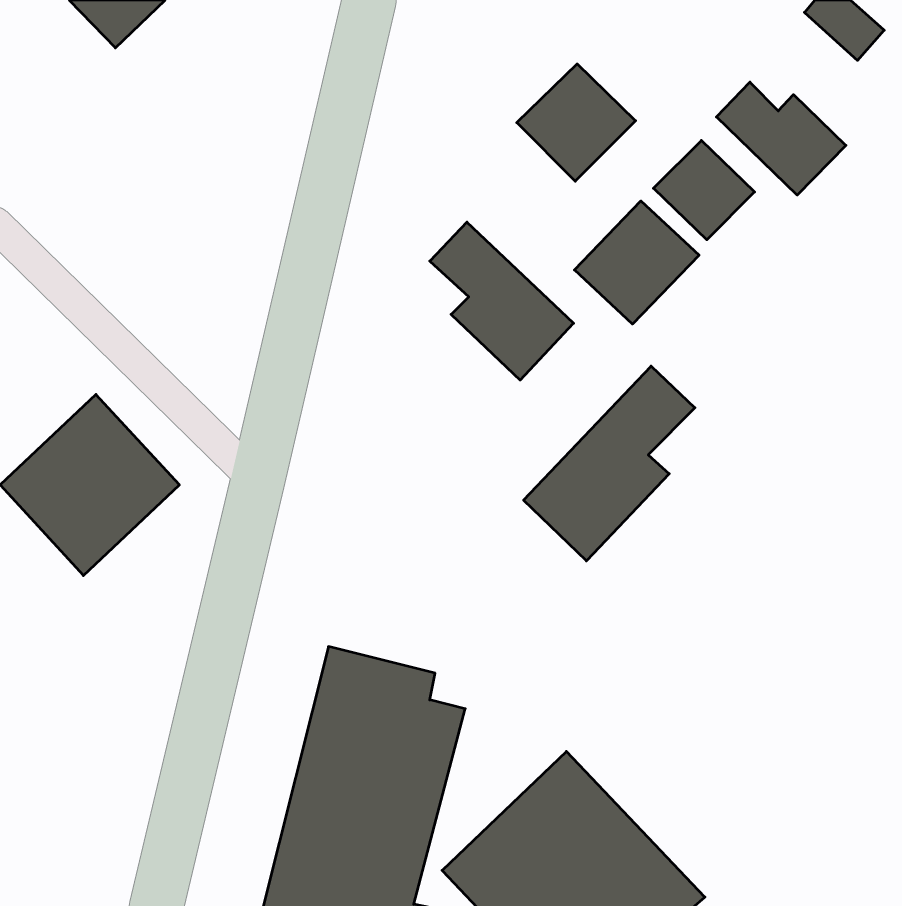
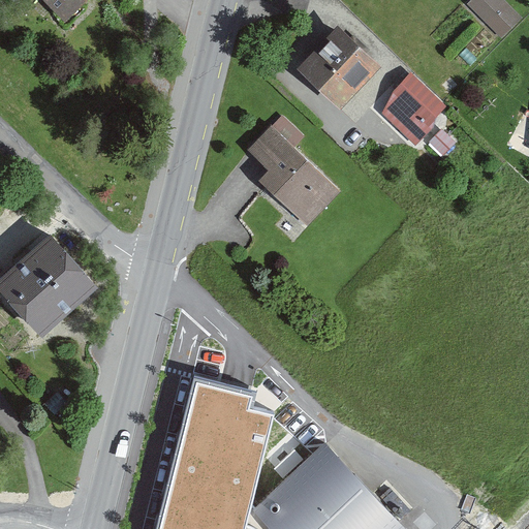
building: [716,82,846,195] -> none
building: [574,201,699,324] -> none
building: [524,366,695,561] -> none

